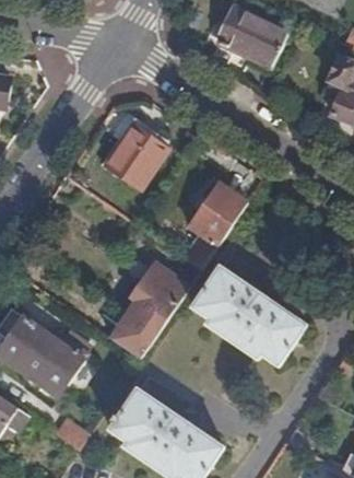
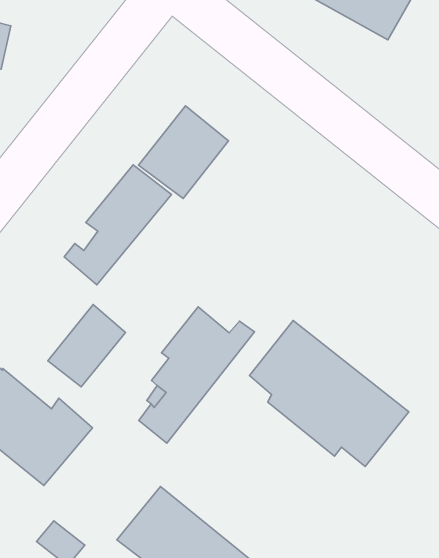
building: [177,183,248,268] -> [64,165,172,285]
building: none -> [48,305,125,387]

